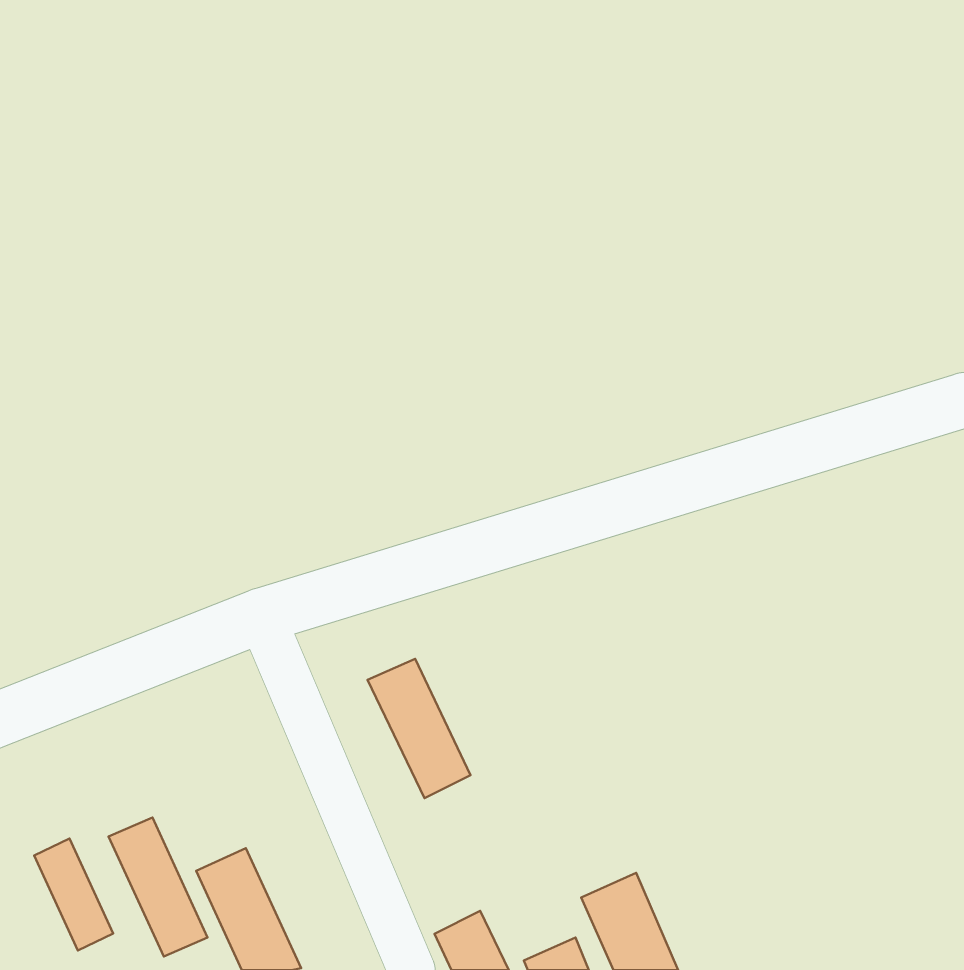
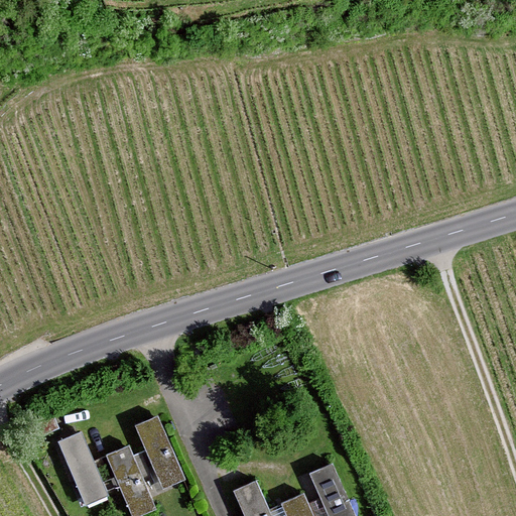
building: [367,659,470,798] -> [132,418,186,492]
building: [34,839,113,950] -> none

